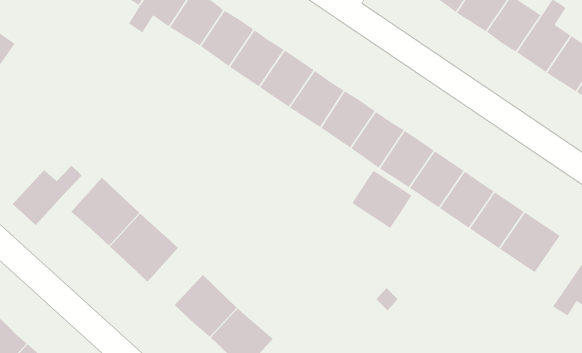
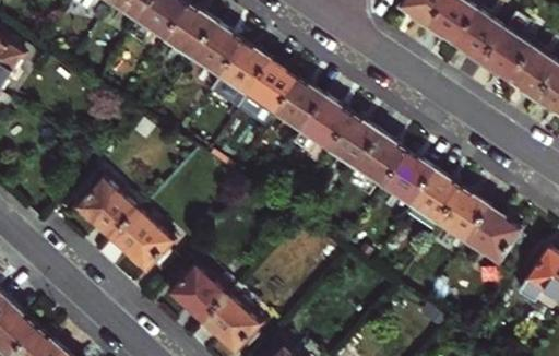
building: [12,165,83,226] -> none
building: [351,170,412,229] -> none

